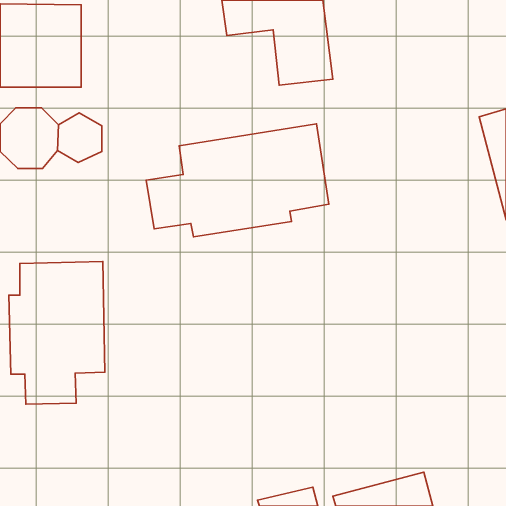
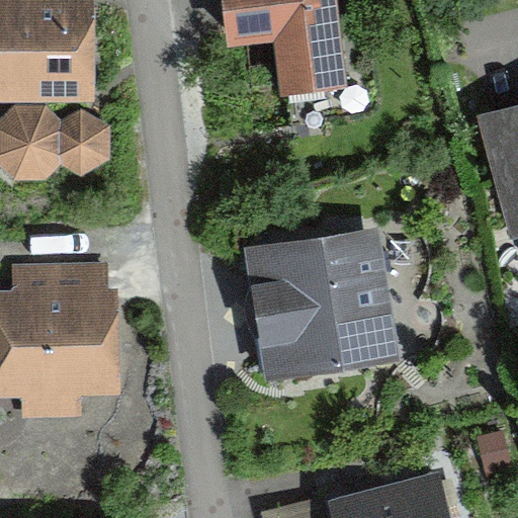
building: [146,124,329,237] -> none
building: none -> [261,237,386,363]

